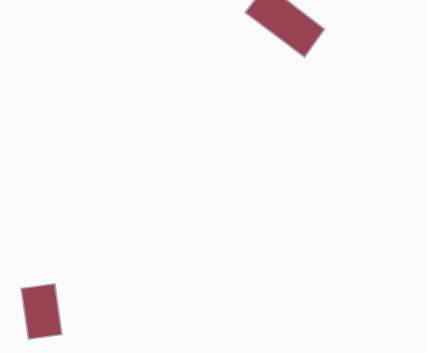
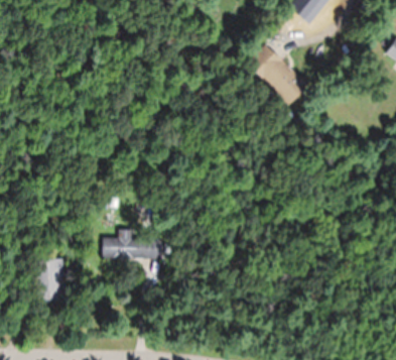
building: none -> [105,230,160,259]

